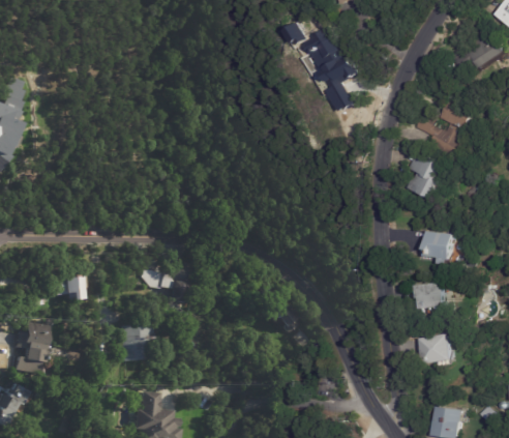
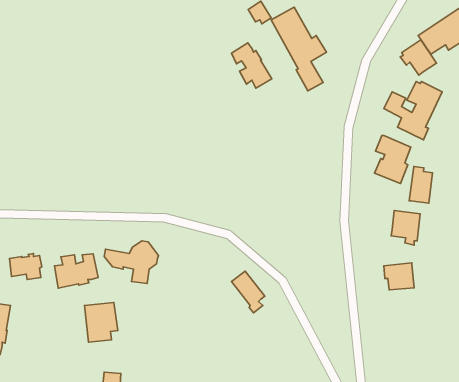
building: none -> [400,40,436,75]
building: none -> [231,43,272,88]
building: none -> [409,167,432,203]
building: none -> [54,254,98,288]
building: [422,333,455,364] -> none

